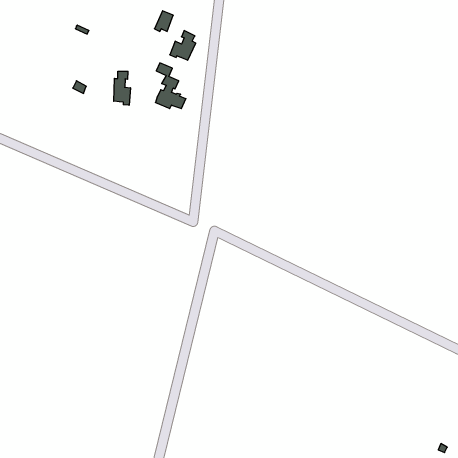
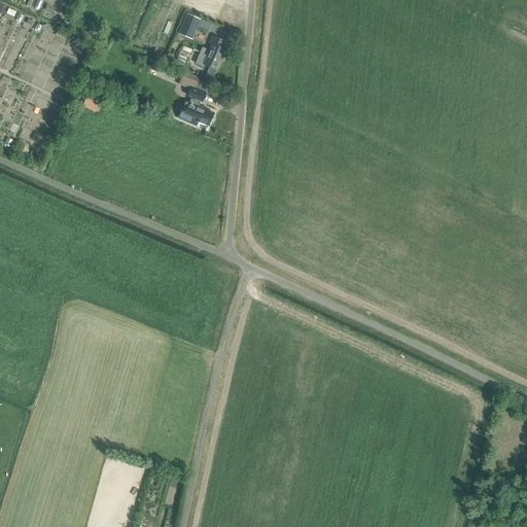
building: [114,71,130,105] -> none

